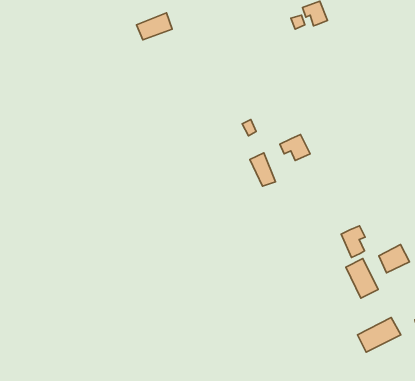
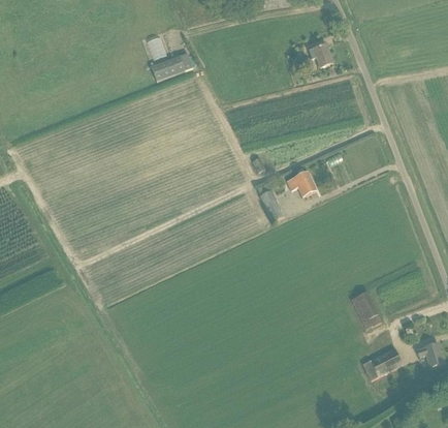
building: [341,226,365,258] -> none
building: [379,245,410,273] -> none

